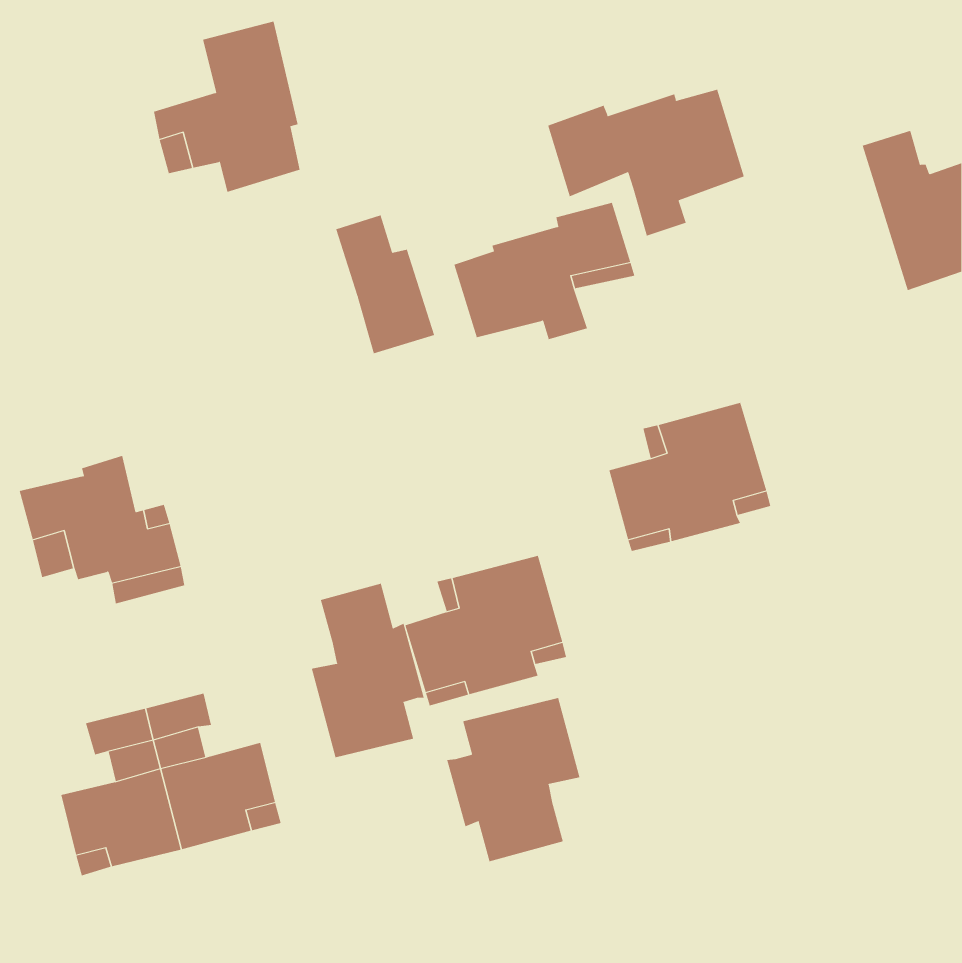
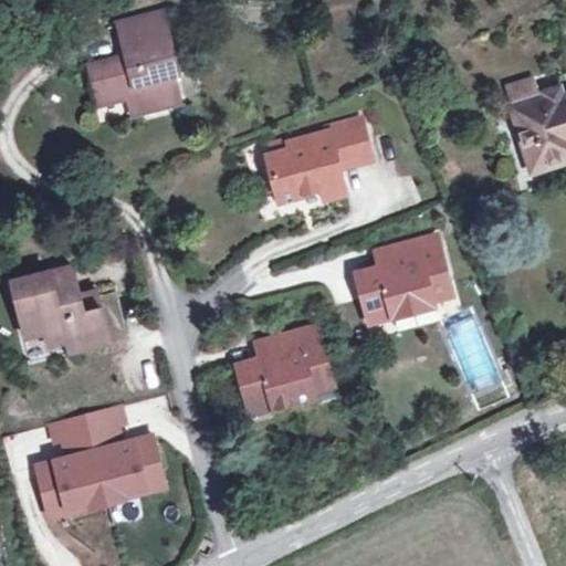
building: [548,89,744,236] -> none
building: [336,215,435,354] -> none
building: [311,583,424,758] -> none
building: [447,697,580,862] -> none

